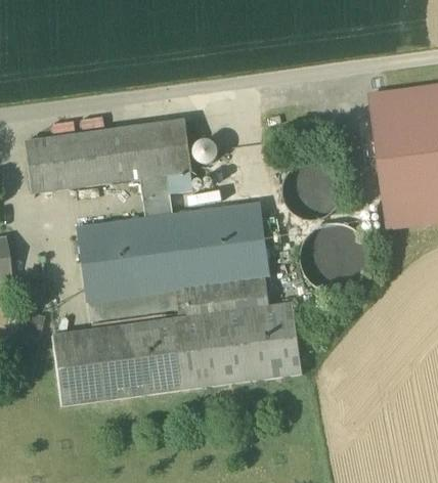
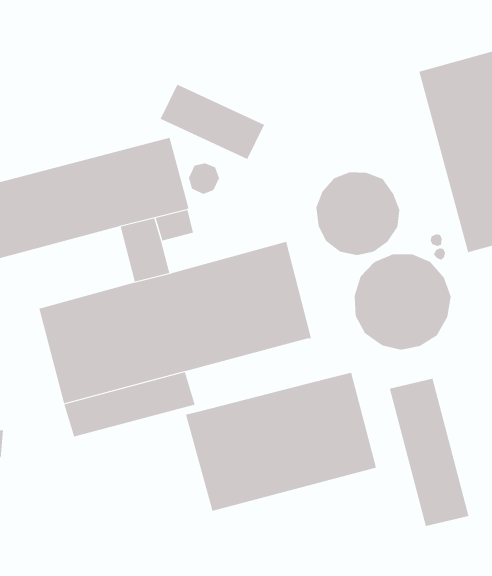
building: none -> [160,84,265,160]
building: [176,274,270,316] -> none
building: none -> [389,378,469,527]
building: [51,317,182,404] -> none

